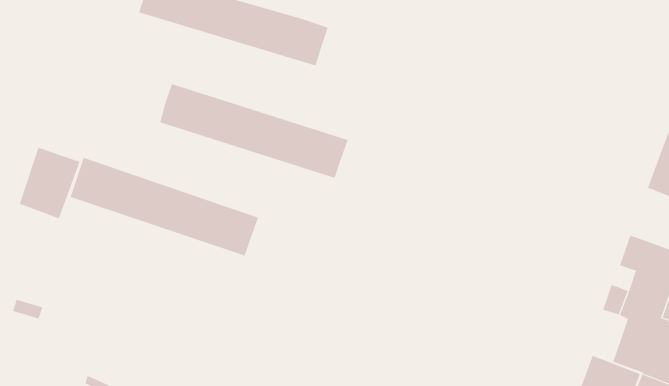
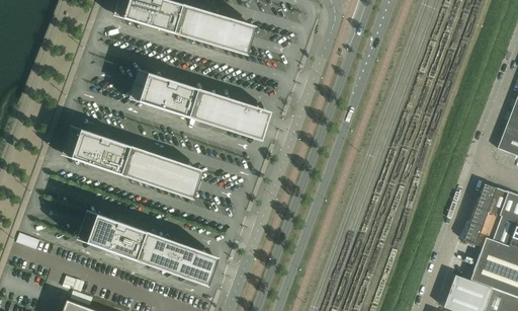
building: [19,147,80,219] -> none
building: none -> [76,210,219,286]

